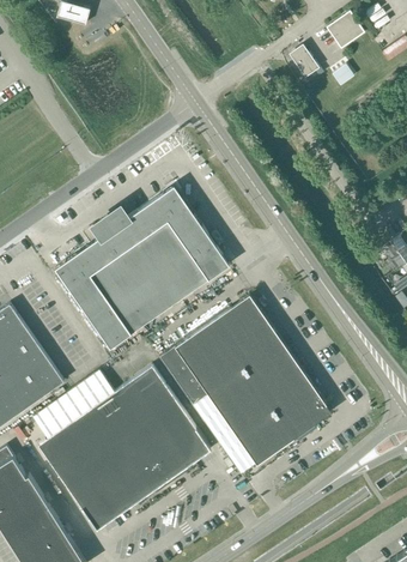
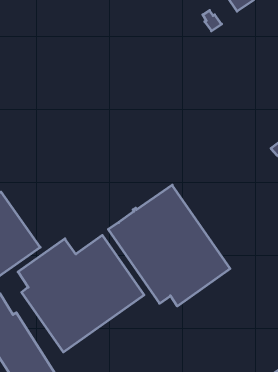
building: [54,186,227,349] -> none

